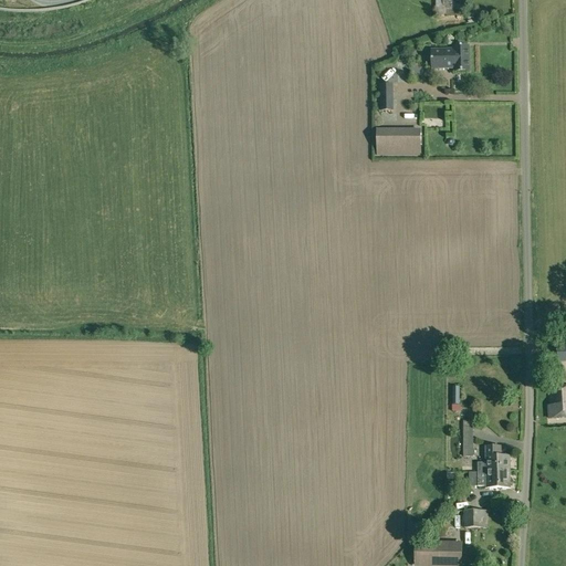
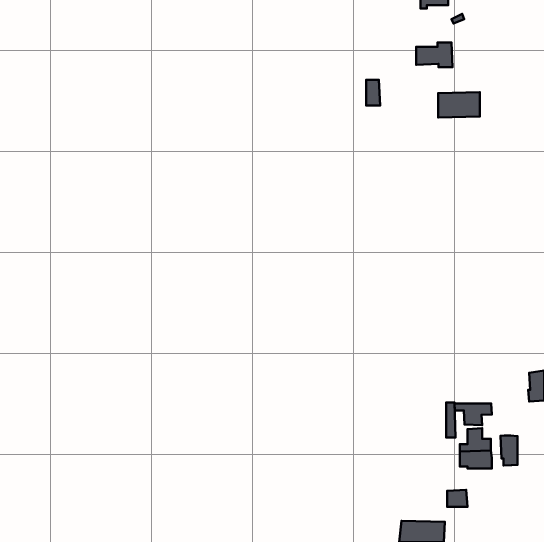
building: [377,128,420,155] -> [438,92,480,118]
building: none -> [455,404,492,425]
building: none -> [501,435,517,465]

